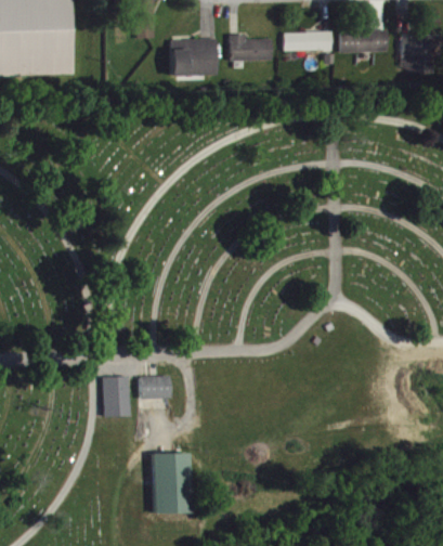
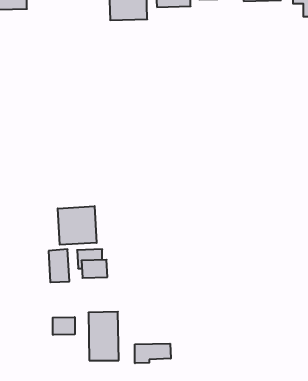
building: none -> [58,206,97,245]
building: none -> [53,317,75,335]
building: none -> [135,344,171,363]

